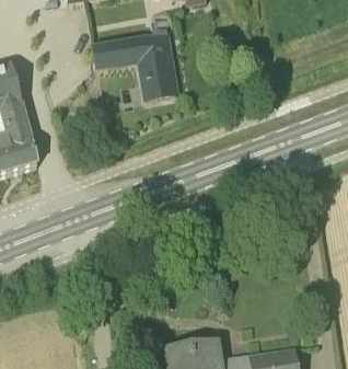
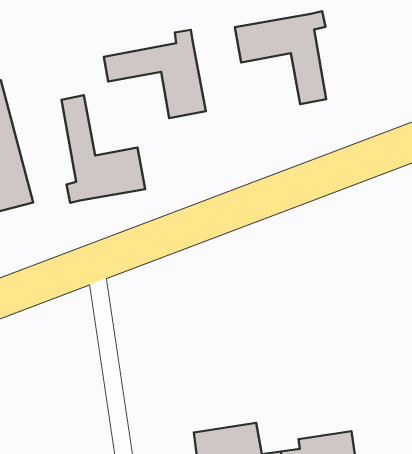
building: none -> [235,11,326,104]
building: none -> [62,95,145,203]

